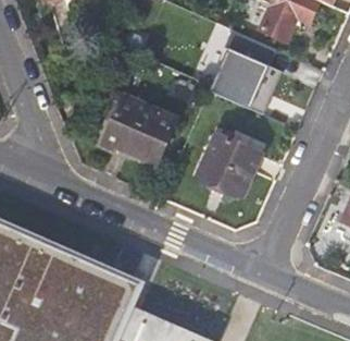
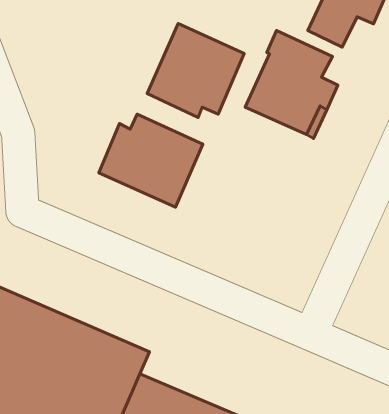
building: none -> [147,23,244,117]
building: [197,129,265,196] -> none

